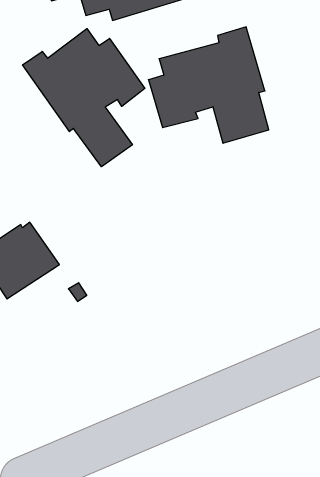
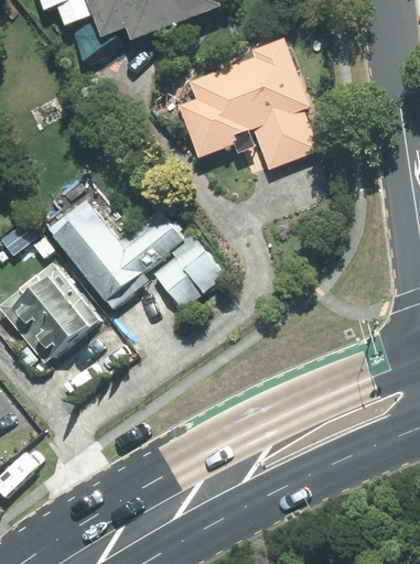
building: [23,29,145,167] -> none
building: none -> [47,198,224,307]

